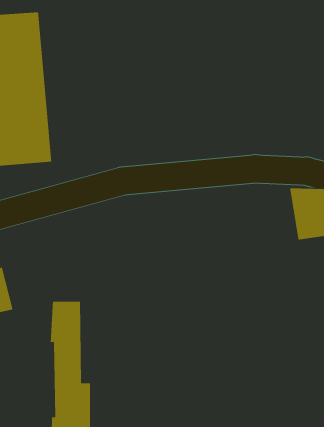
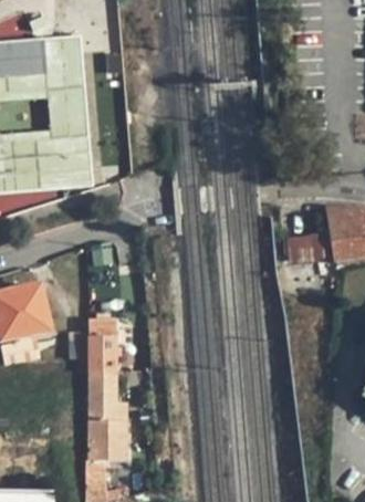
building: none -> [282,230,327,262]

